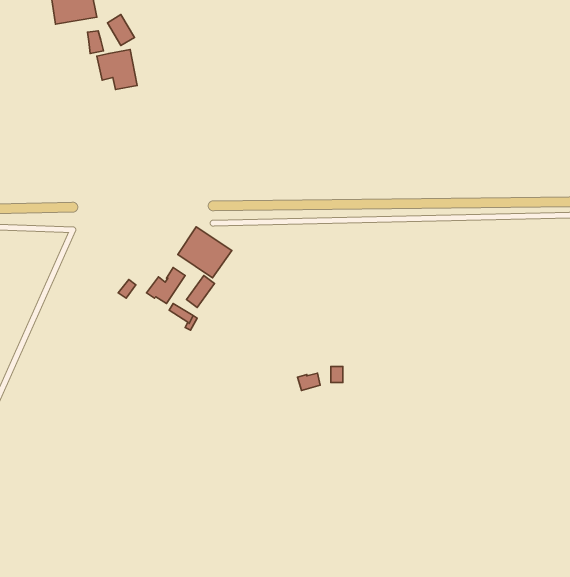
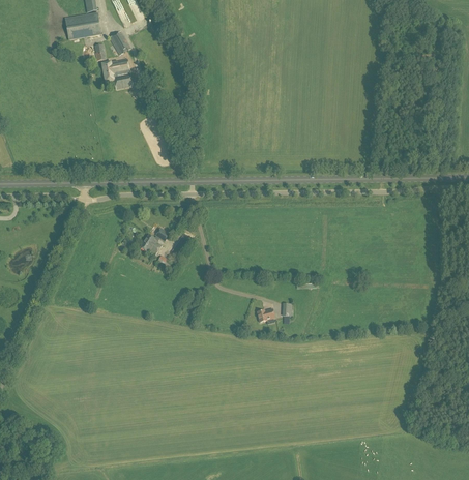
building: [178,227,232,278] -> none

